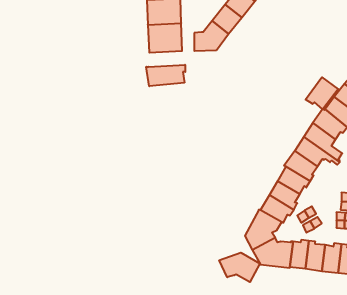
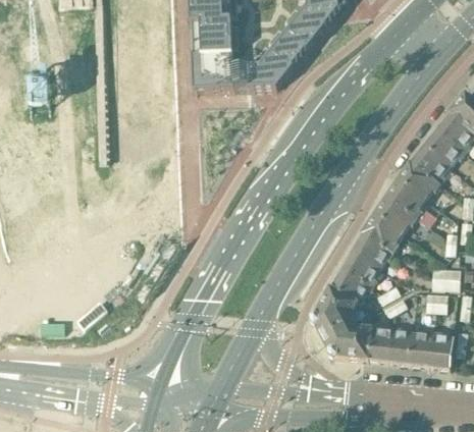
building: [146,65,185,86] -> none
building: [306,77,338,109] -> none
building: [219,253,260,282] -> none

